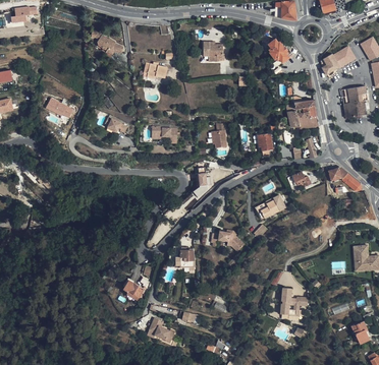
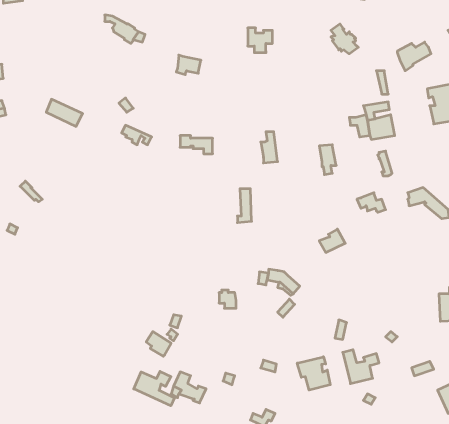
building: none -> [297,357,330,390]
building: none -> [134,371,174,406]

